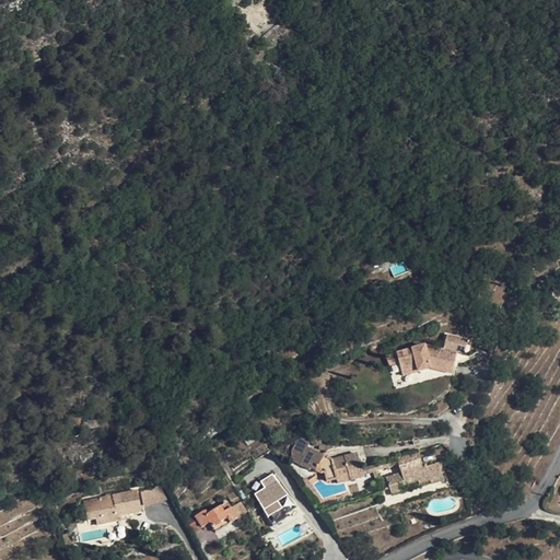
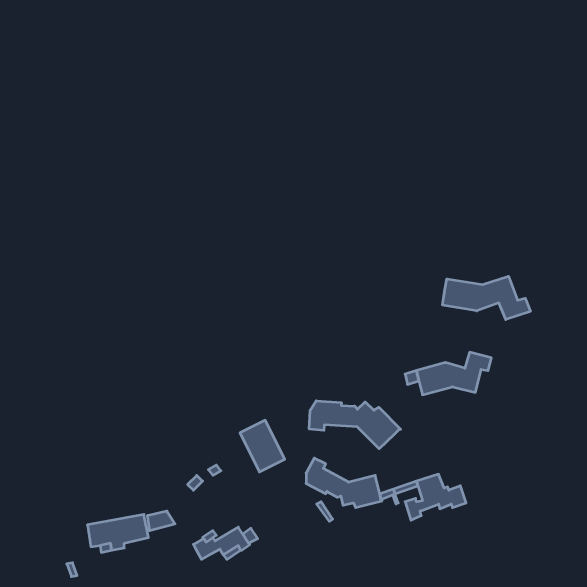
building: none -> [443,276,530,320]
building: none -> [309,401,401,449]
building: [250,471,293,521] -> [240,420,285,472]

